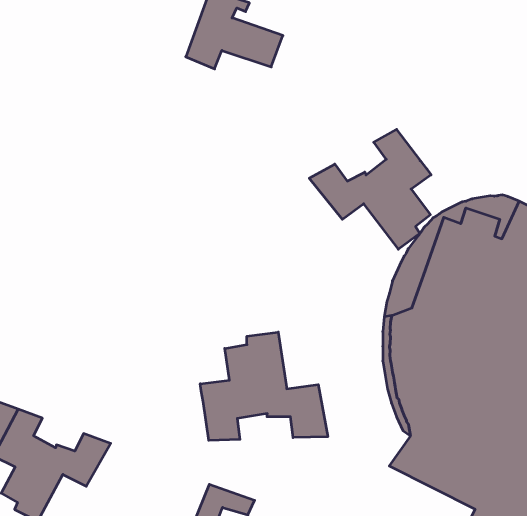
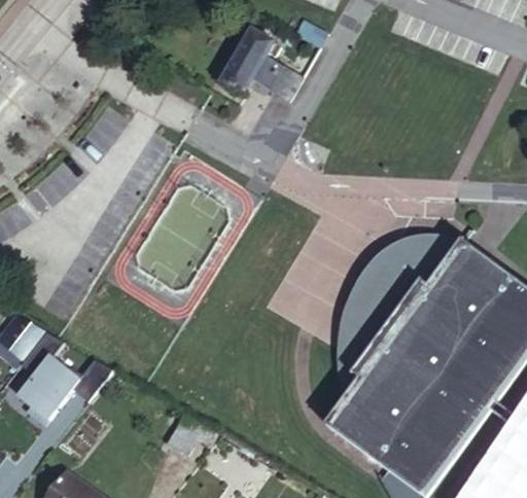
building: [309,129,431,249] -> none
building: [200,332,328,440] -> none

